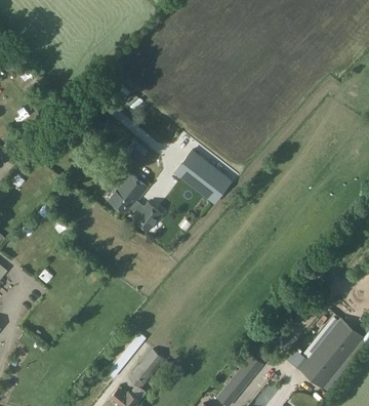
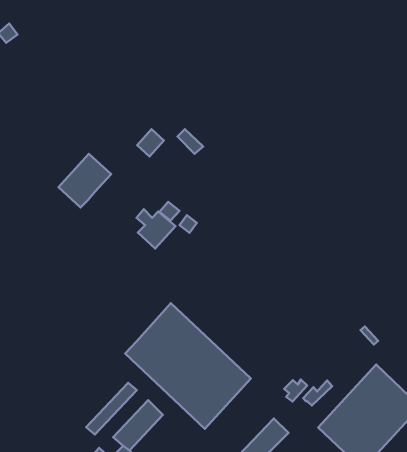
building: [174,152,232,204] -> none
building: [109,173,149,215] -> [58,154,111,207]
building: none -> [125,303,251,429]

